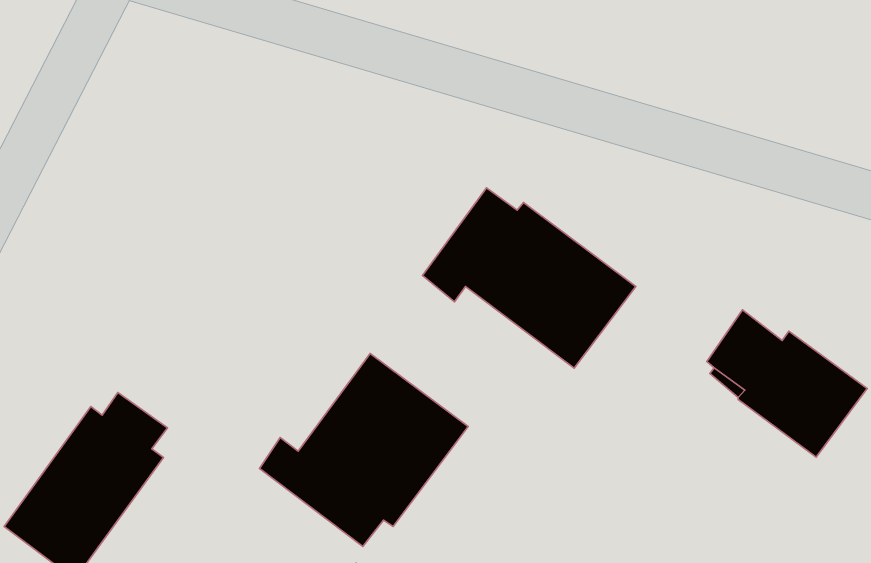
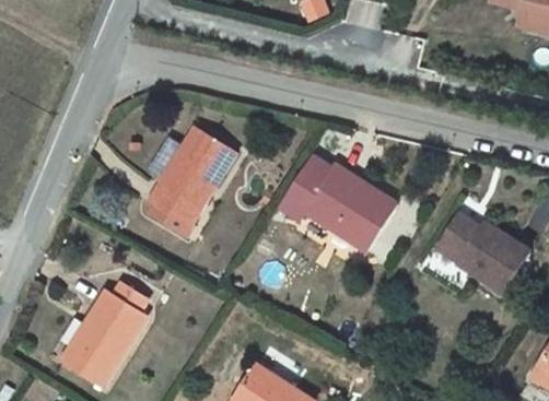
building: none -> [149,129,234,237]
building: [260,354,468,547] -> none

